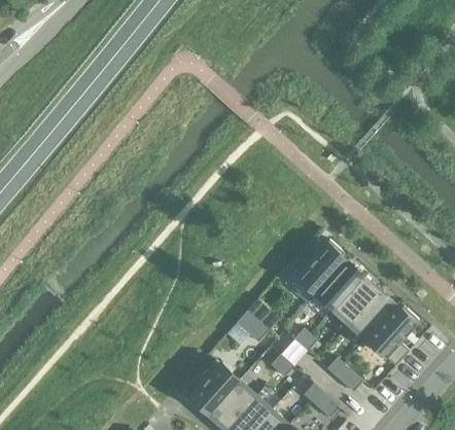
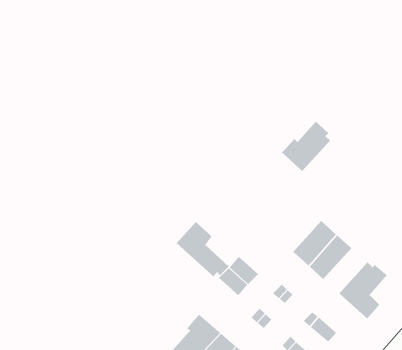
building: [292,241,346,295] -> [281,121,331,172]
building: none -> [176,221,229,277]
building: [348,291,395,339] -> none

